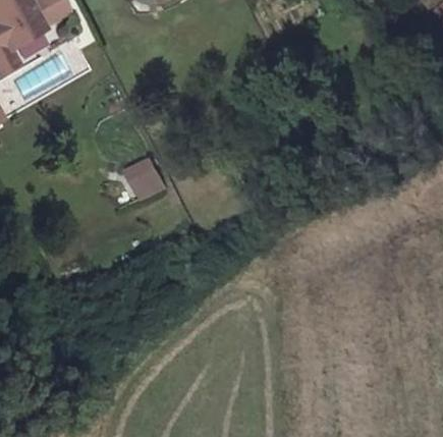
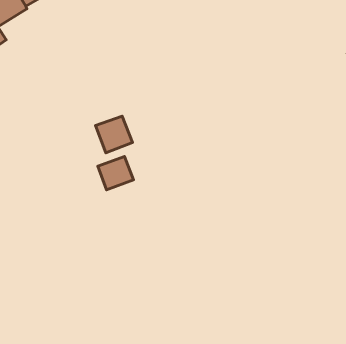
building: none -> [98,157,134,190]

